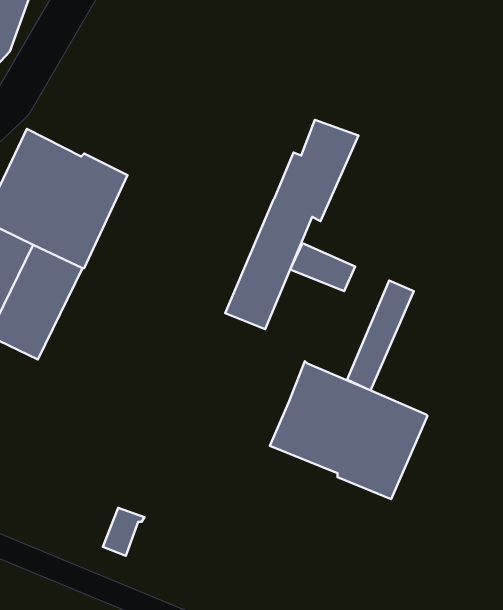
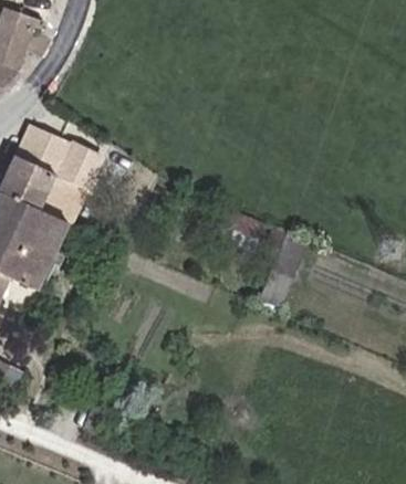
building: [225,120,358,329] -> none
building: [270,361,428,499] -> none

